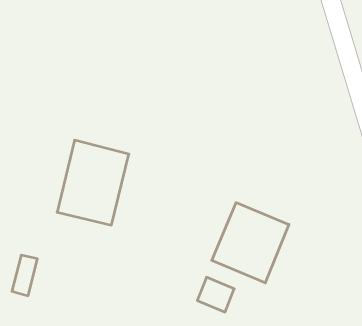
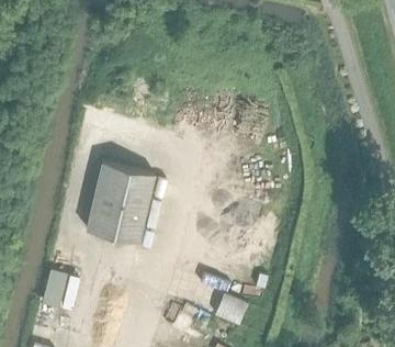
building: [212,203,289,283] -> none

